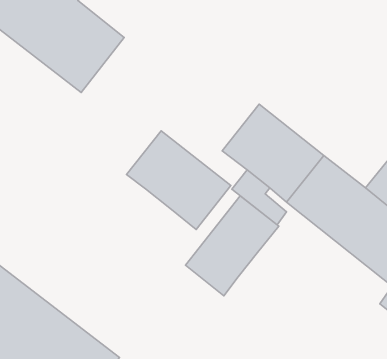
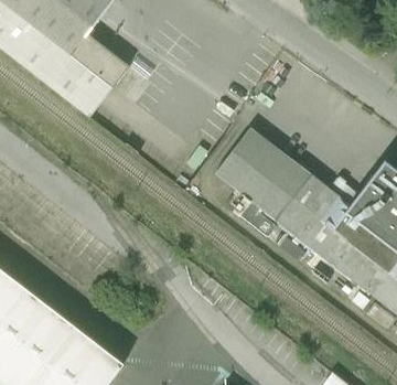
building: [127,131,231,230] -> none
building: [186,196,279,296] -> none

